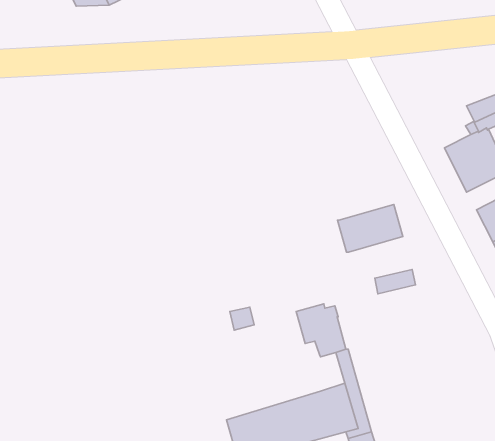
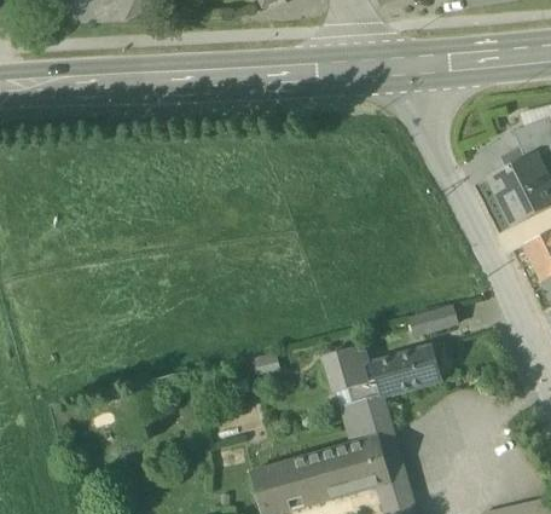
building: [338,205,403,252] -> [371,343,442,395]
building: none -> [342,399,379,441]

